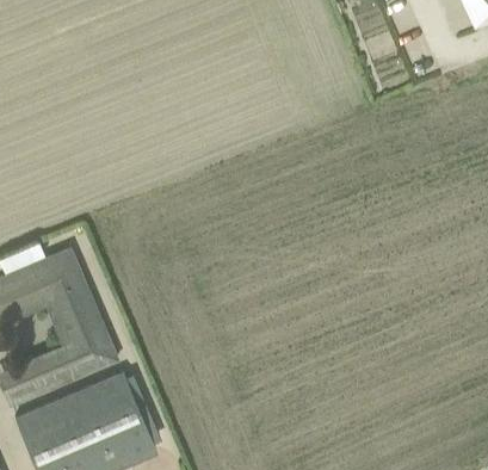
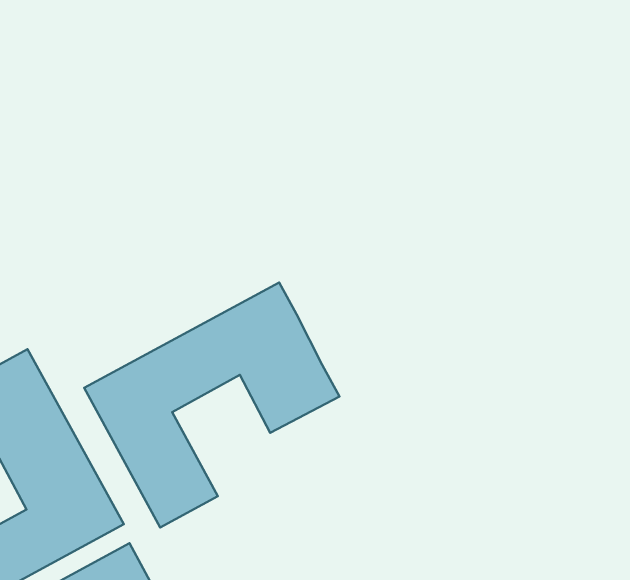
building: none -> [84,283,339,528]

